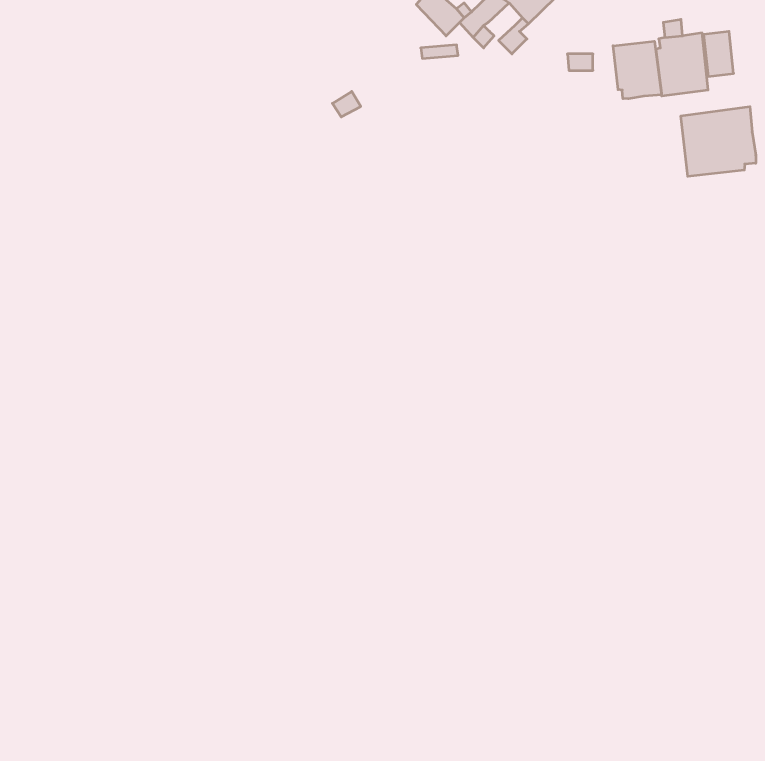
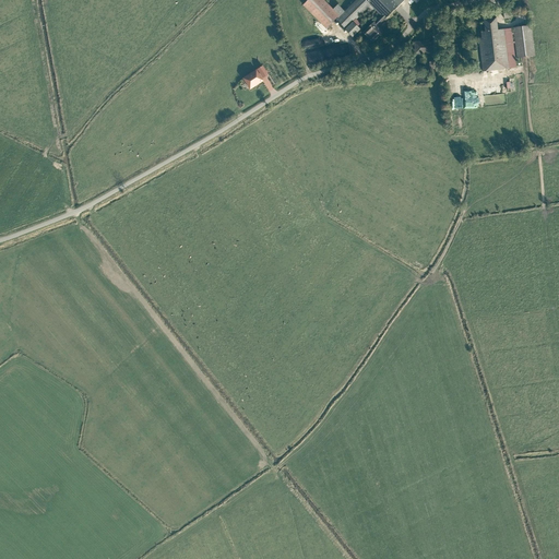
building: [613,41,662,99] -> none
building: [681,107,756,176] -> none

